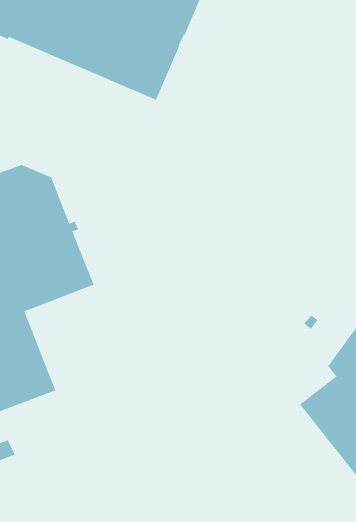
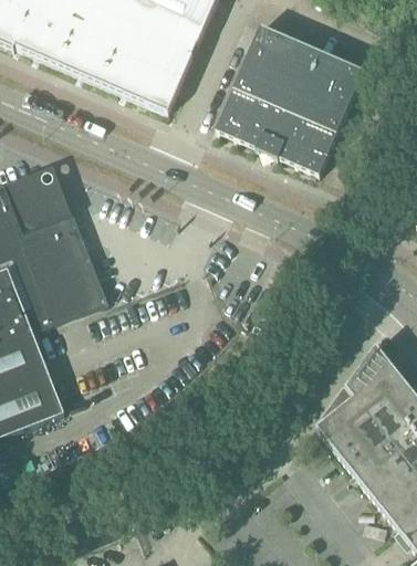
building: none -> [216,24,364,172]

